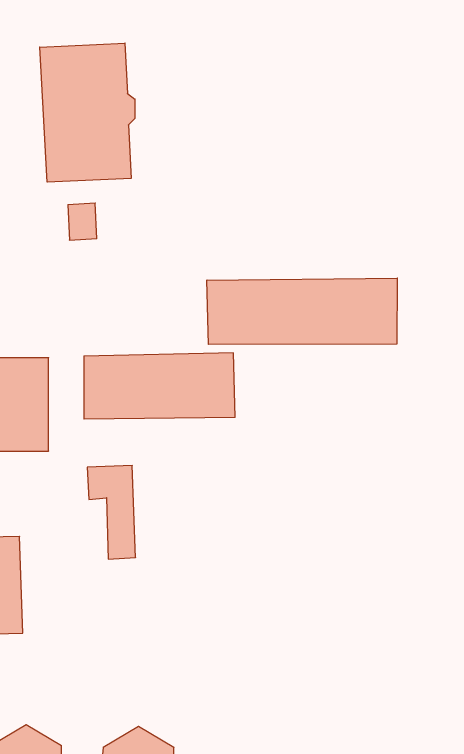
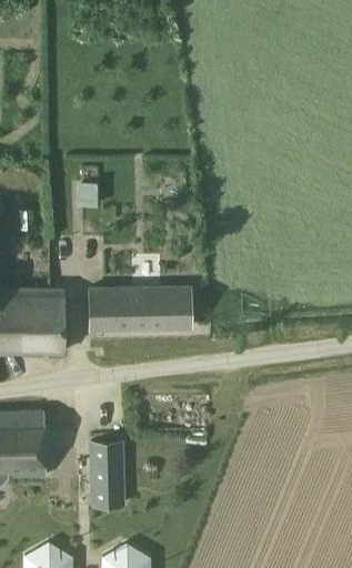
building: [40,43,135,182] -> none
building: [207,278,397,344] -> none
building: [87,466,136,559] -> [90,443,123,507]

